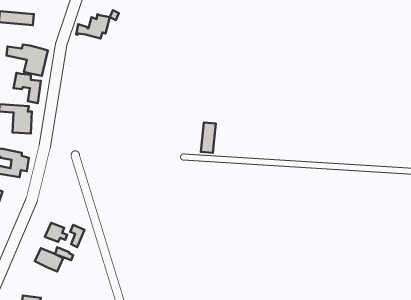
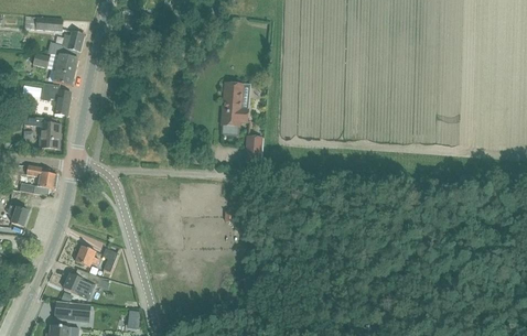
building: [76,14,110,38] -> [47,31,84,57]
building: none -> [221,83,247,134]
building: none -> [53,302,90,323]

